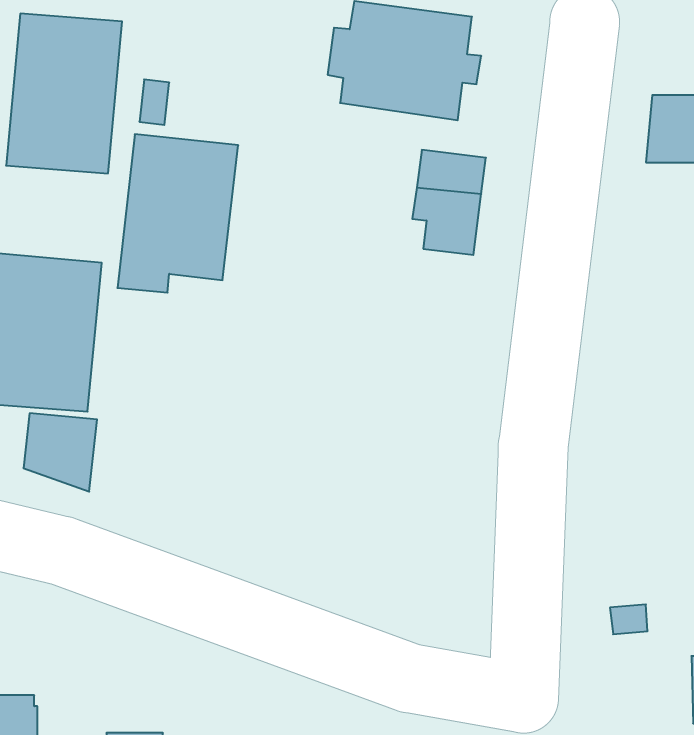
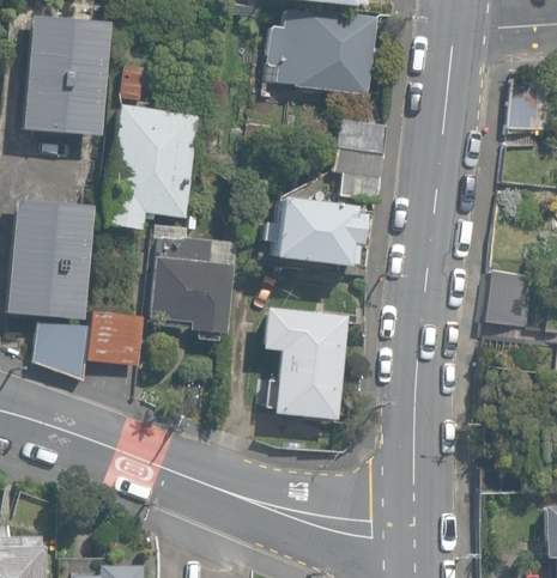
building: none -> [262,197,362,263]
building: none -> [150,237,236,340]
building: none -> [483,270,532,330]
building: none -> [261,308,347,420]
building: none -> [87,312,143,365]

